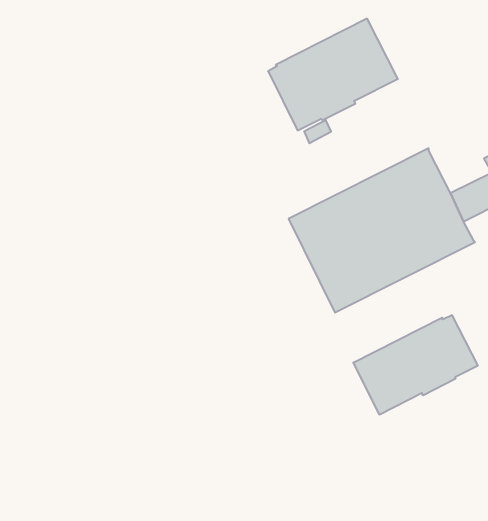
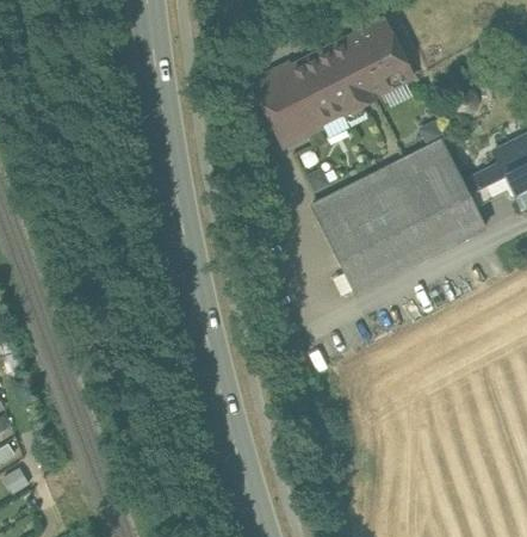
building: none -> [249,61,322,146]
building: [353,315,478,415] -> none

